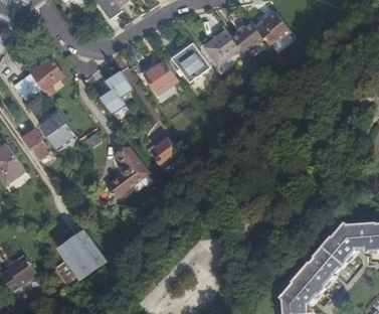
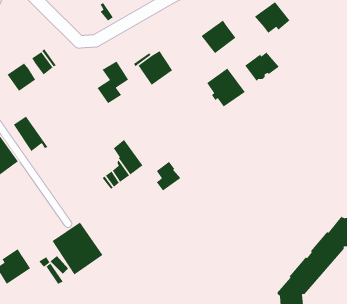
building: [229,22,264,52] -> [244,51,280,82]
building: [170,43,209,83] -> [206,68,246,107]
building: [35,111,73,148] -> none
building: [153,137,178,167] -> [156,161,181,191]

